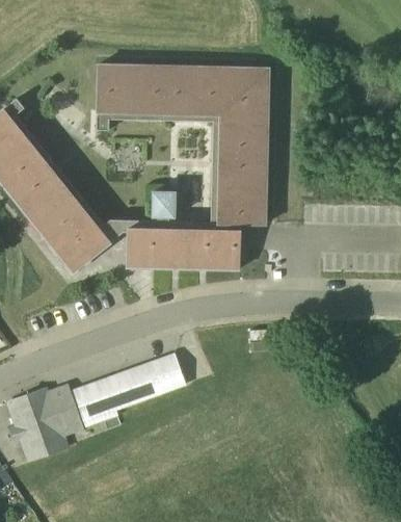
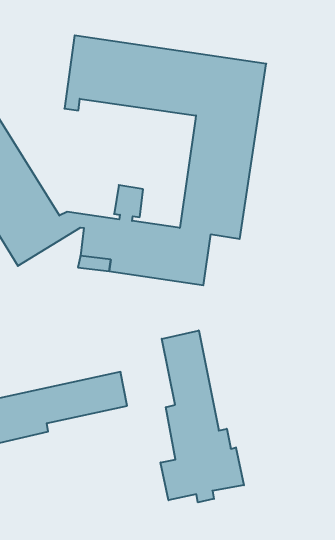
building: none -> [161,330,244,502]

